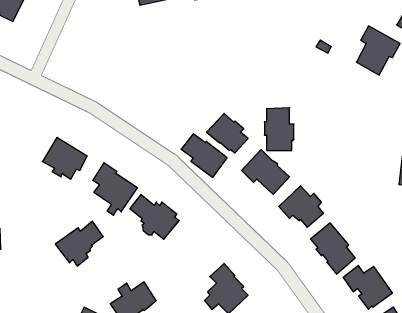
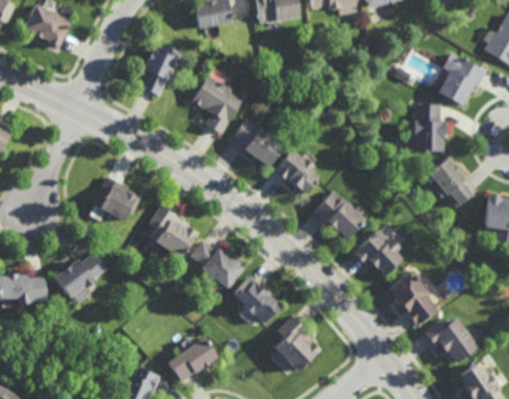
building: none -> [141,44,181,96]
building: none -> [193,75,245,133]
building: [264,108,294,150] -> [414,104,447,152]
building: none -> [430,158,477,207]
building: [181,134,227,177] -> [234,119,285,167]
building: [55,221,103,266] -> [53,252,107,302]
building: none -> [233,277,279,324]

